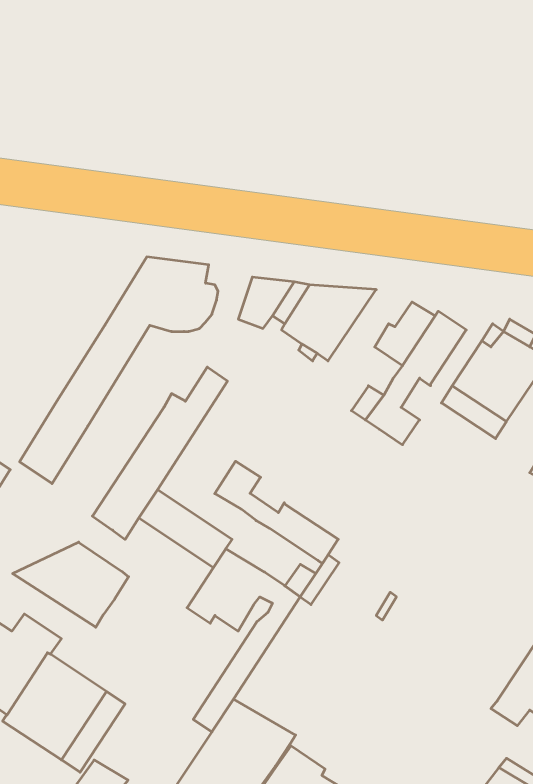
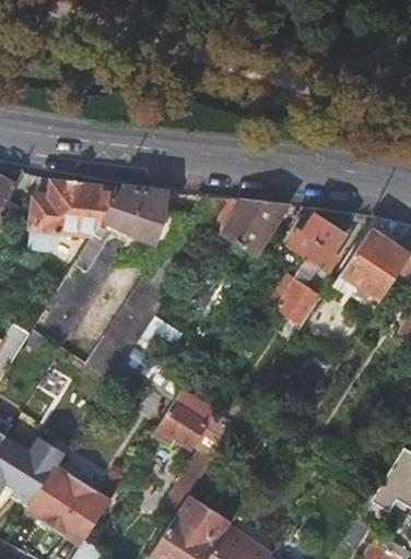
building: none -> [30,176,126,233]
building: [215,461,338,563] -> none
building: [13,542,129,627] -> none

